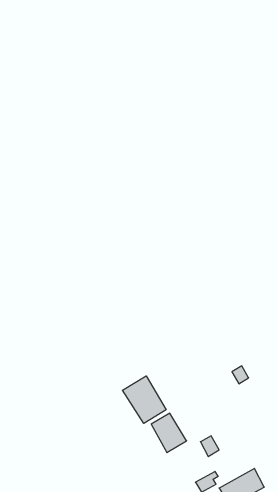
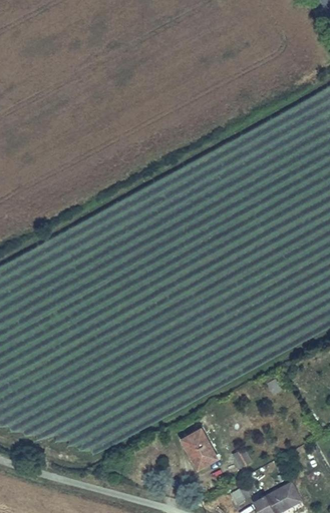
building: [122,376,166,423] -> none

